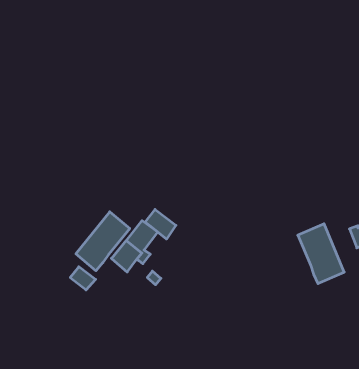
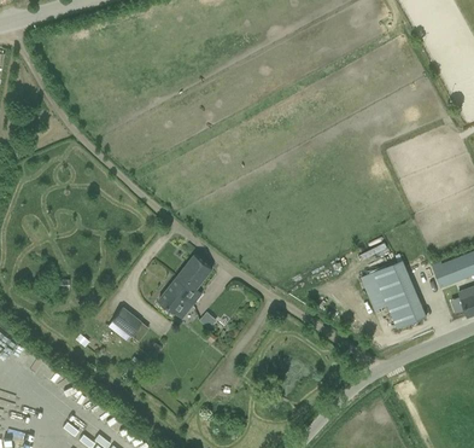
building: [145,209,176,239] -> none
building: [76,212,130,271] -> none

